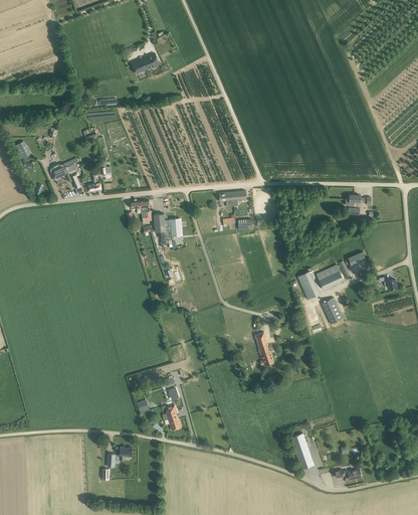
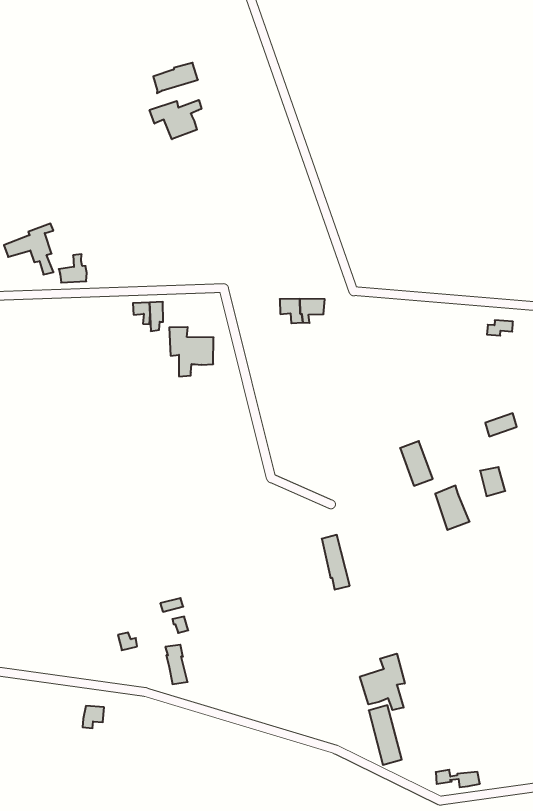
building: none -> [150,100,201,139]
building: [316,265,343,290] -> none
building: none -> [360,654,405,710]

